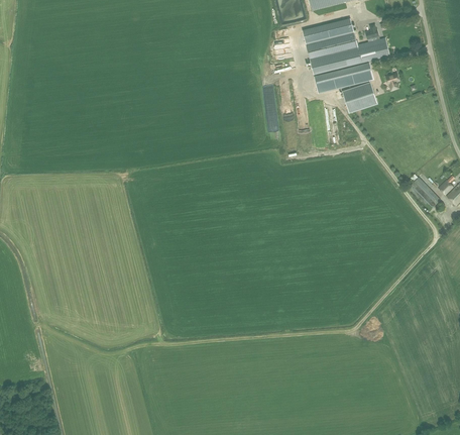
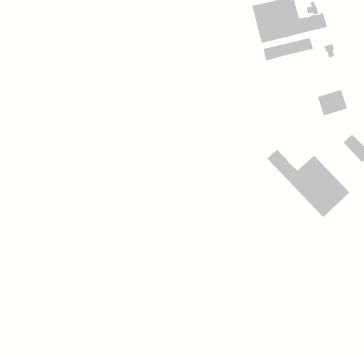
building: [342,81,377,112] -> [317,89,348,116]
building: none -> [266,149,350,218]

